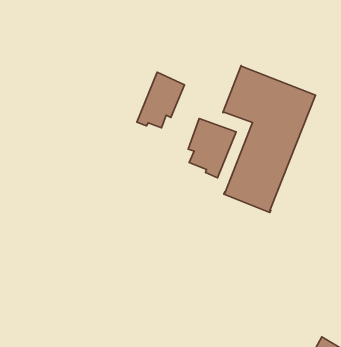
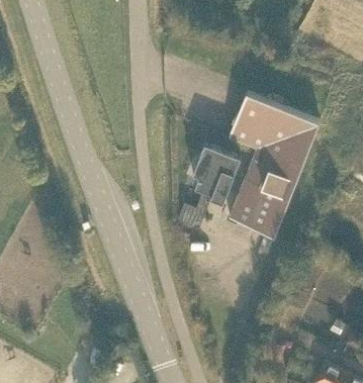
building: [137,72,185,128] -> none

